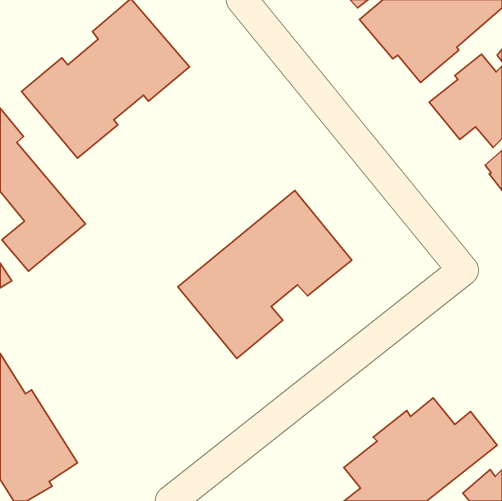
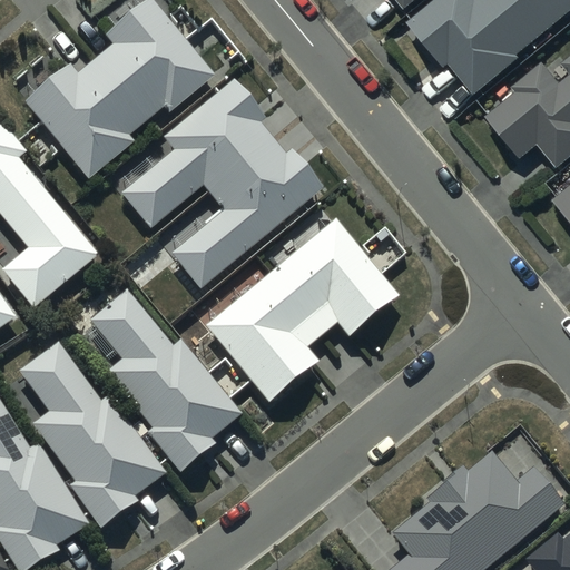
building: none -> [121,81,324,289]
building: none -> [87,288,240,473]
building: none -> [19,340,165,528]

